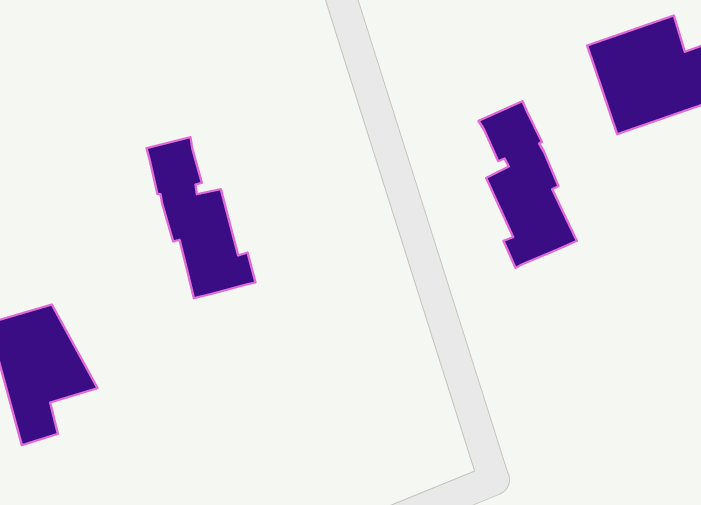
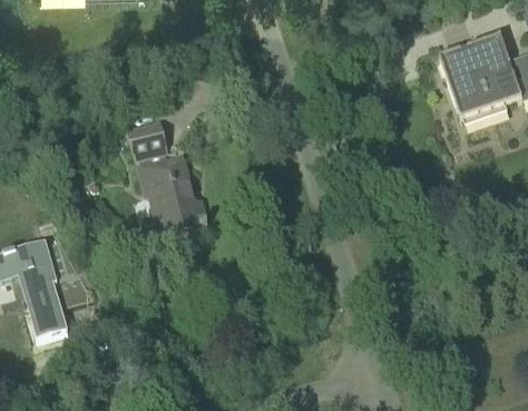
building: [479,101,577,268] -> none

